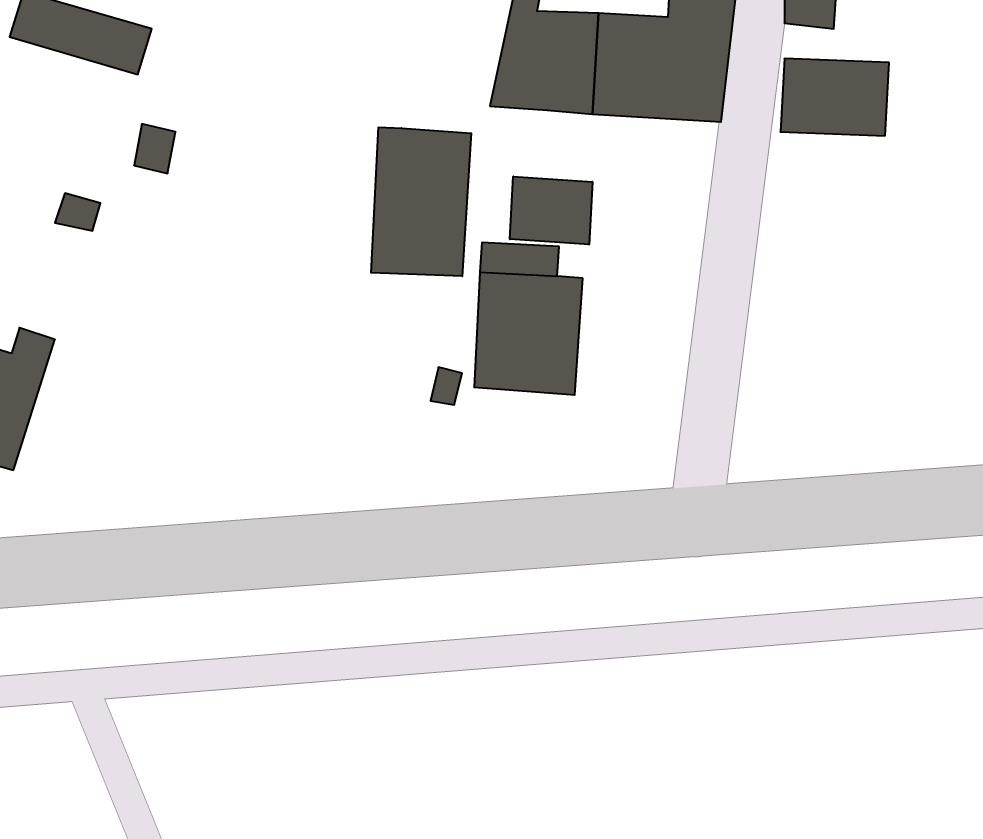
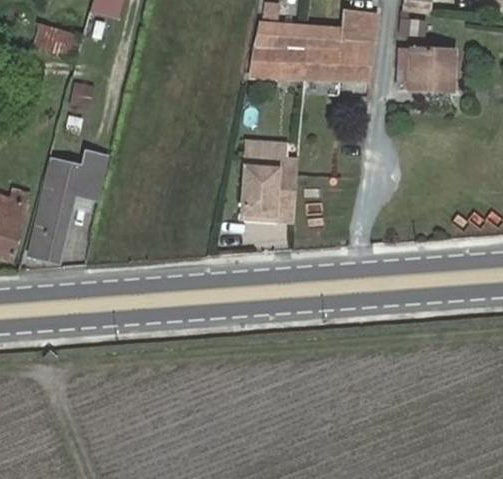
building: [371,127,471,276] -> none
building: [510,176,592,245] -> none
building: none -> [24,149,107,262]

